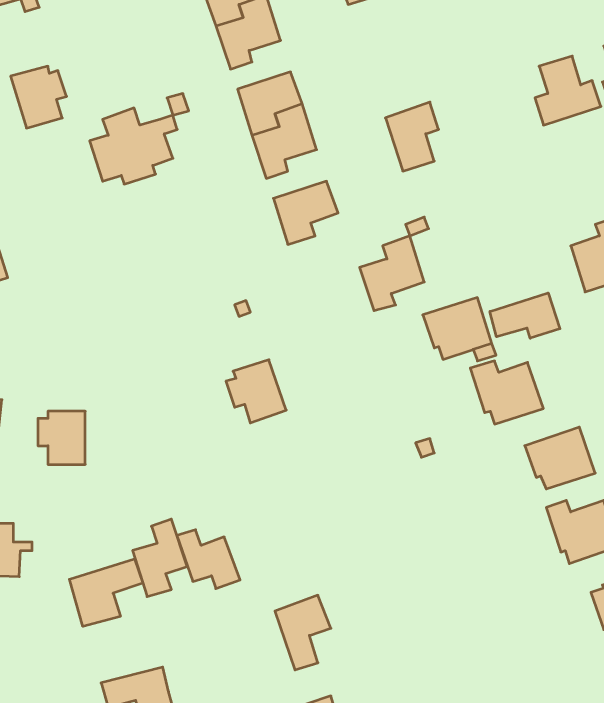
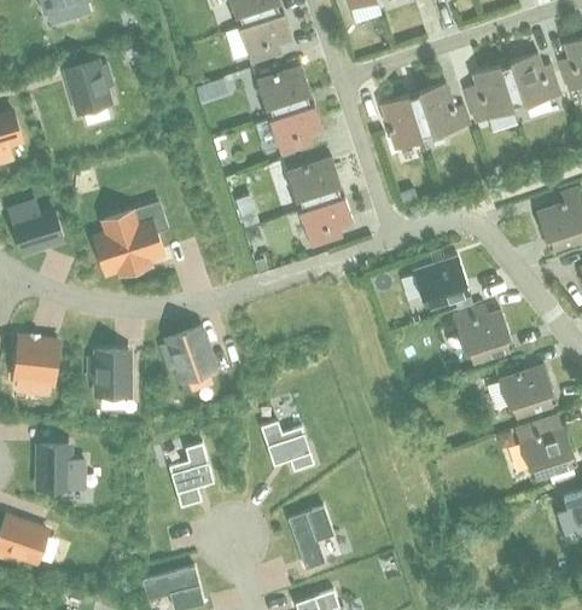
building: none -> [465,60,517,122]
building: none -> [414,82,470,140]
building: [90,108,177,184] -> [93,210,167,274]
building: [360,236,424,311] -> [298,184,353,246]
building: [490,293,560,338] -> none
building: [226,360,286,423] -> [162,327,213,380]
building: [177,530,240,589] -> [260,420,313,470]
building: [69,559,143,626] -> none

